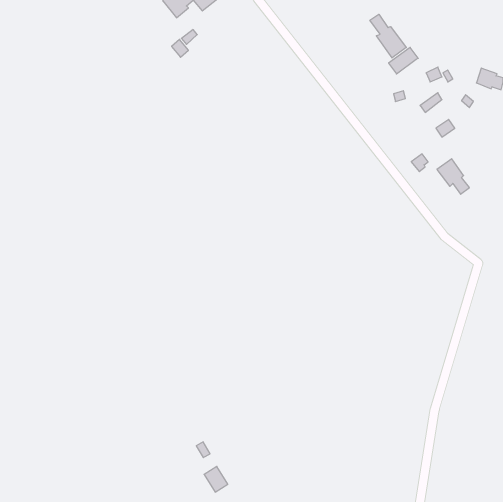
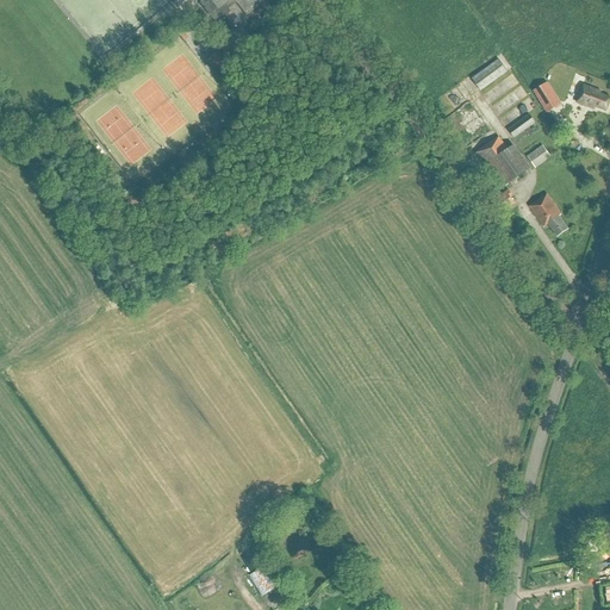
building: [370,14,406,58] -> none
building: none -> [475,135,529,187]

